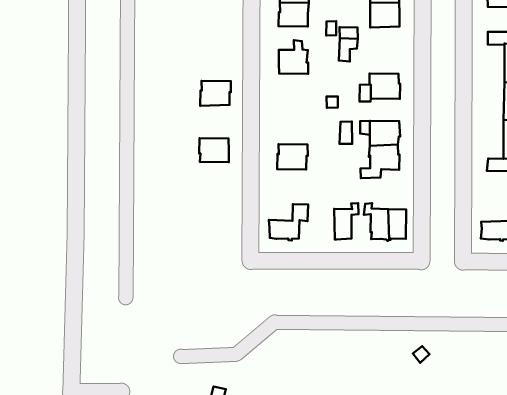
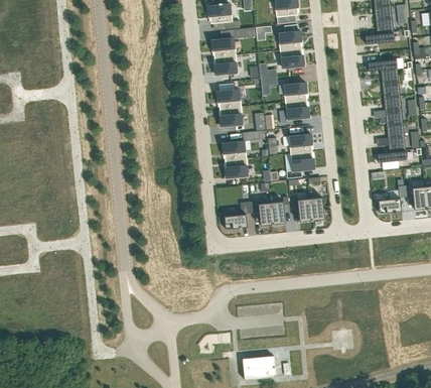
building: none -> [285,82,307,101]
building: [200,81,231,106] -> [221,106,243,126]
building: [199,138,229,162] -> [224,140,247,159]
building: none -> [252,200,274,225]

